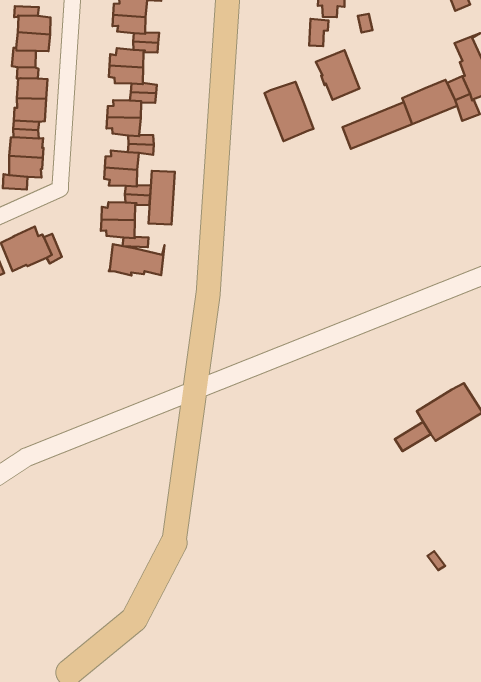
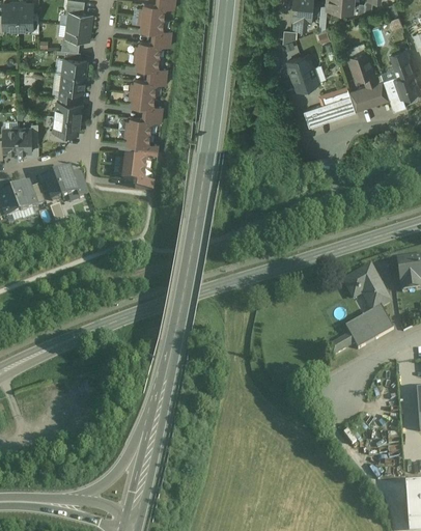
building: none -> [349,52,377,86]
building: [265,82,313,141] -> none
building: [149,171,175,225] -> none
building: [109,244,165,275] -> none
building: none -> [344,267,390,311]

